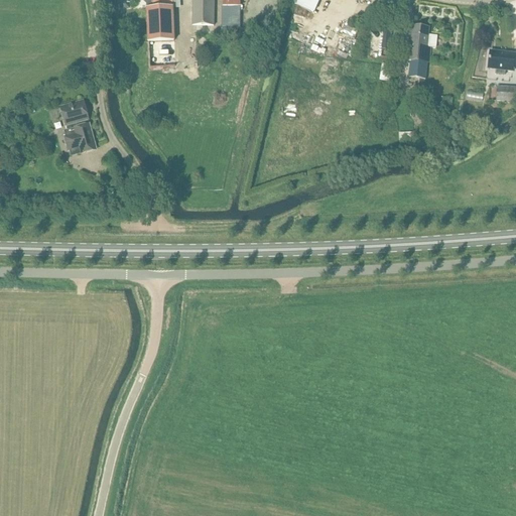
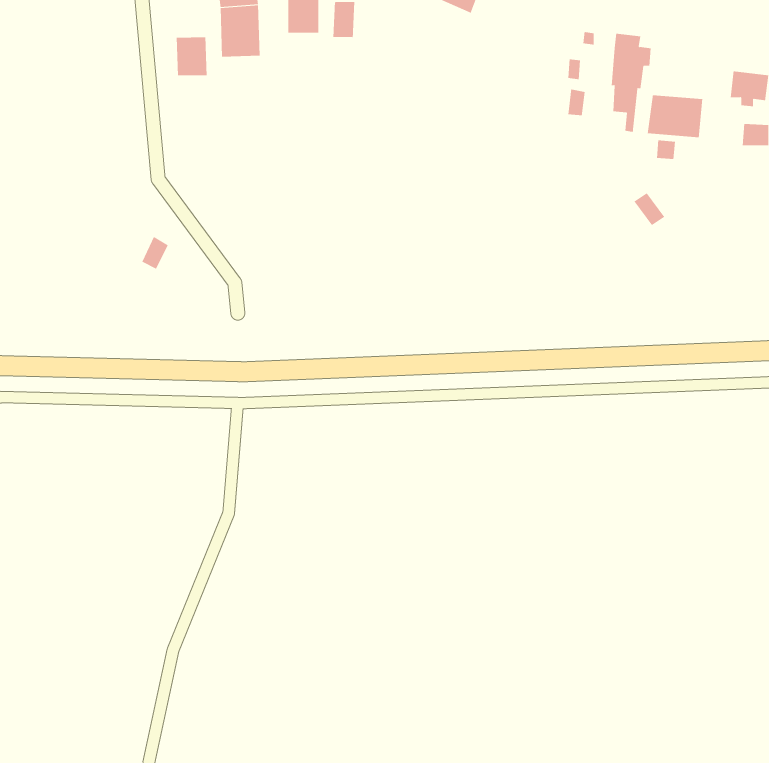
building: none -> [176,37,207,76]
building: none -> [647,94,703,138]
building: [60,98,95,151] -> none

